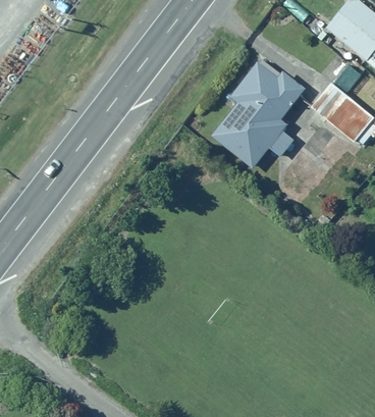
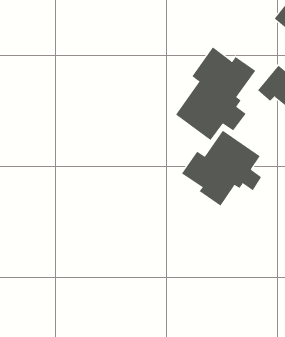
building: none -> [181,130,262,207]

